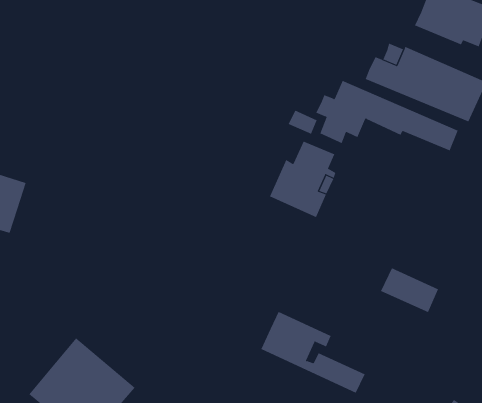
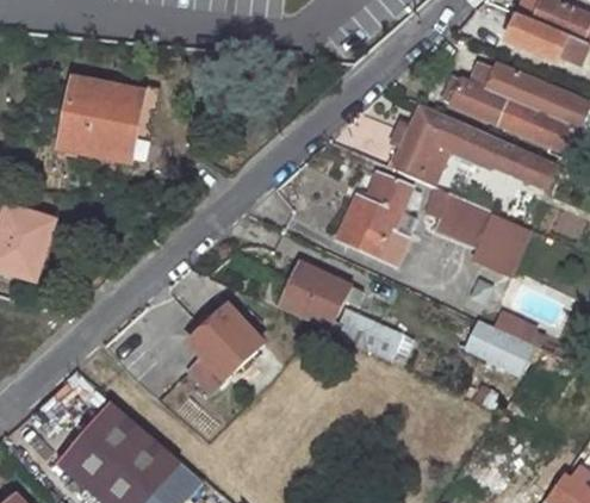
building: none -> [62,82,142,163]
building: none -> [424,187,527,274]
building: none -> [187,303,263,392]
building: [261,311,365,394] -> [279,262,400,358]

